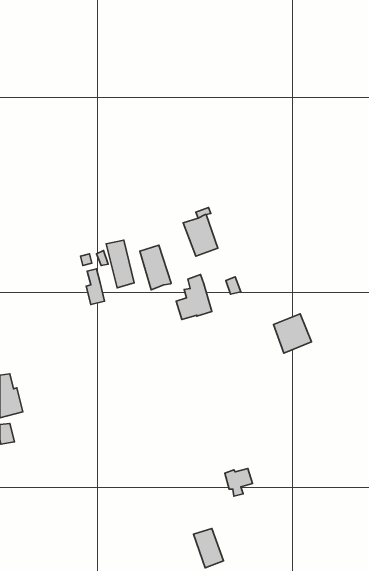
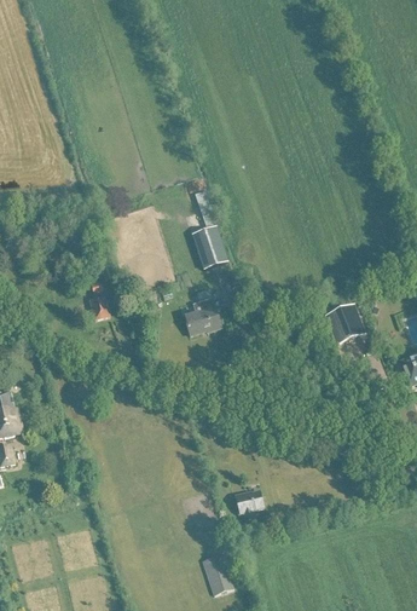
building: [106,240,134,288] -> none
building: [140,245,171,290] -> none
building: [273,314,312,353] -> [326,304,366,345]

